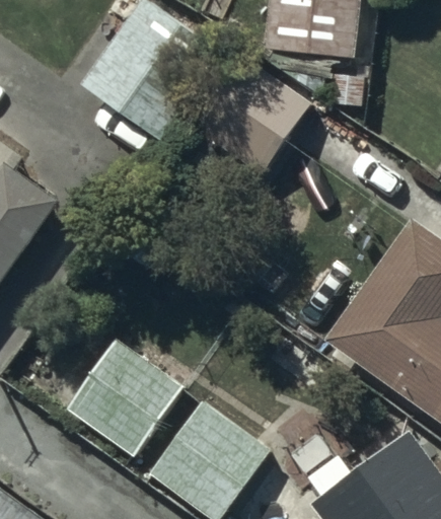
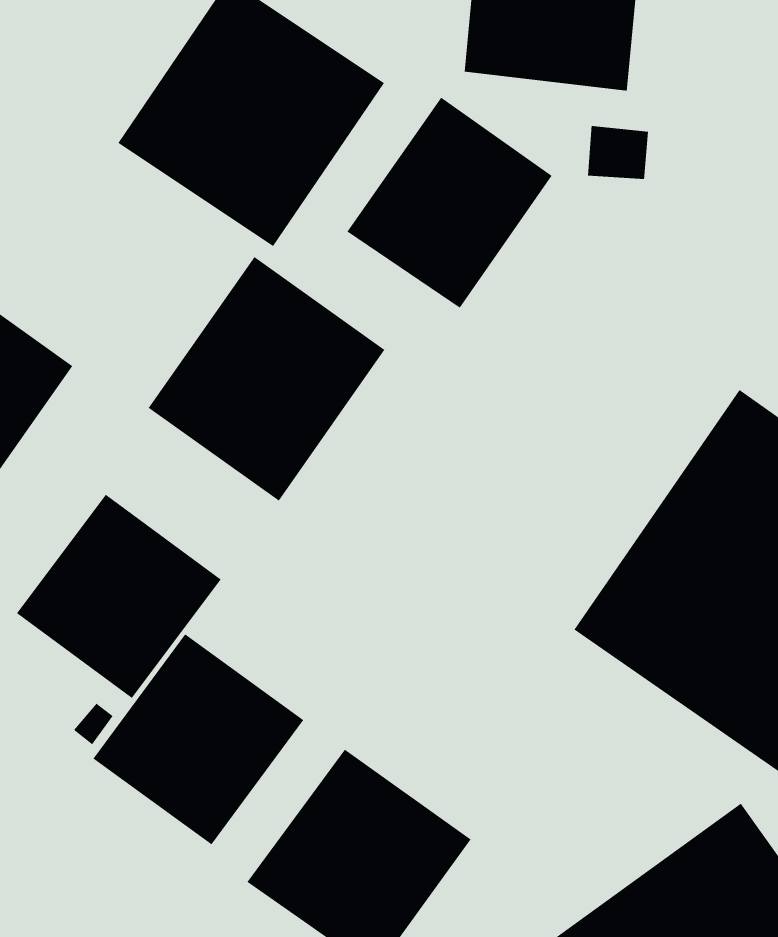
building: none -> [148,256,385,502]
building: none -> [16,494,222,699]

